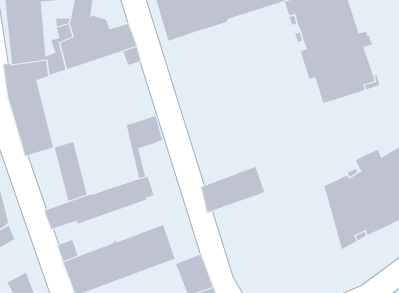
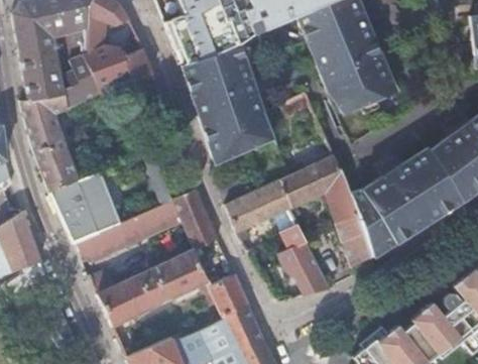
building: none -> [183,42,275,157]
building: none -> [280,156,373,267]
building: none -> [49,179,96,243]
building: none -> [173,191,215,248]
building: none -> [277,225,329,297]

